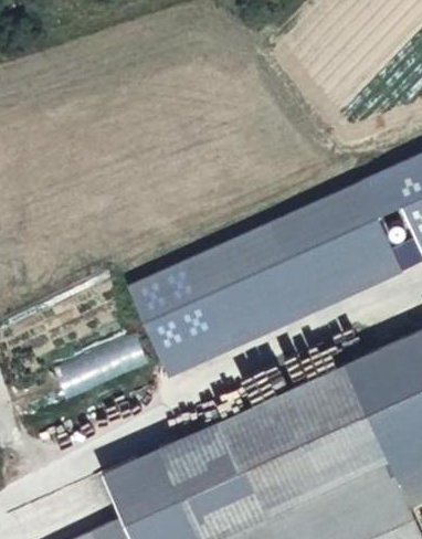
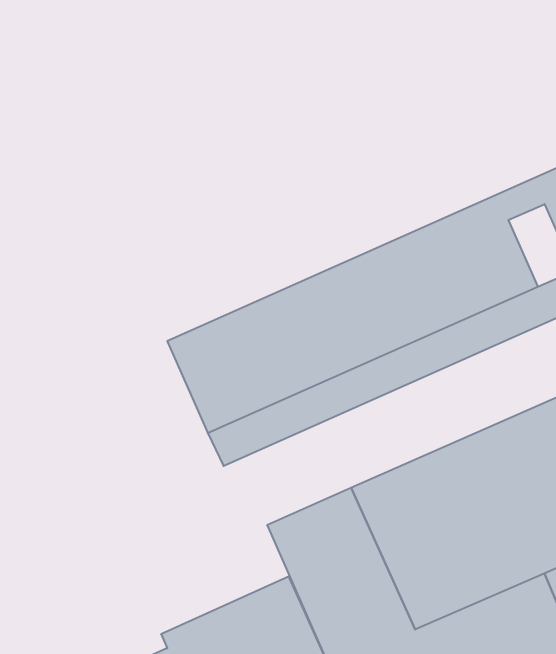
building: [106,422,213,499] -> none

